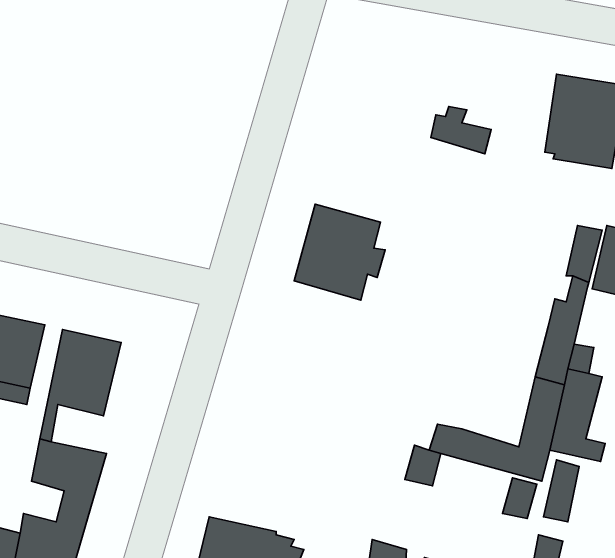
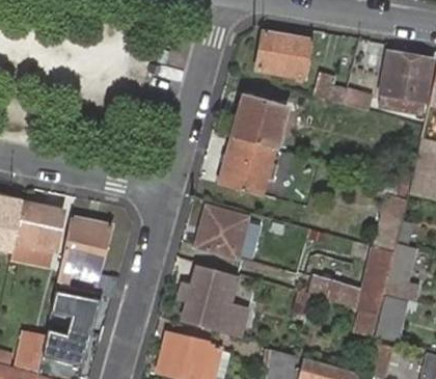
building: none -> [257,29,319,77]
building: none -> [235,96,287,145]
building: none -> [195,207,260,261]
building: none -> [184,268,256,337]

